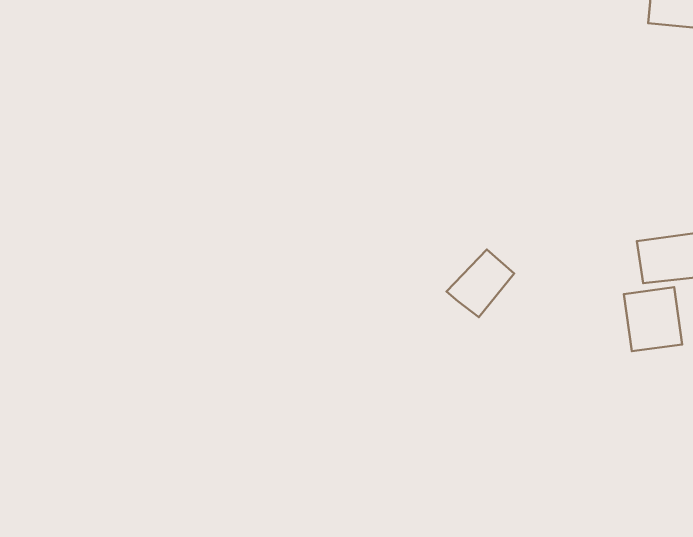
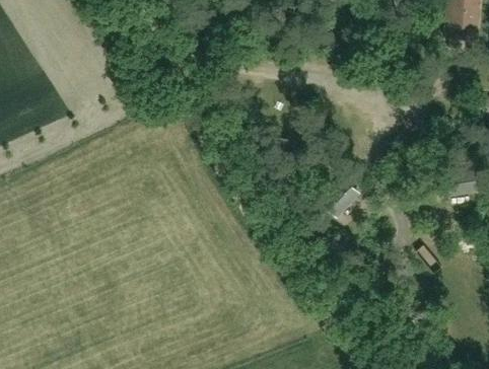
building: [624,287,682,351] -> none

